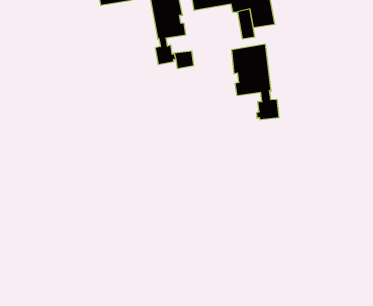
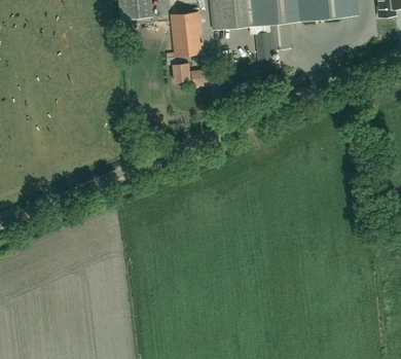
building: [232,44,279,120] -> none

